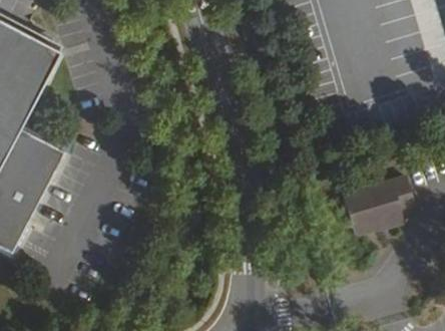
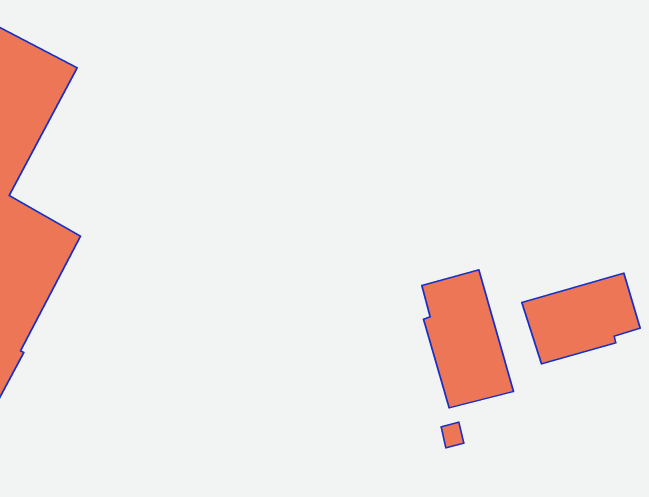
building: none -> [422,270,513,408]

